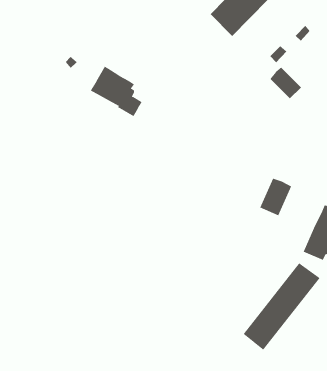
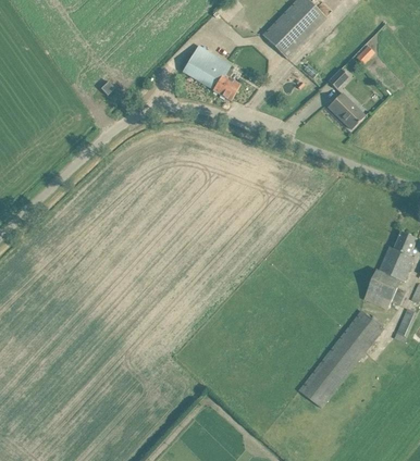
building: [90,66,143,117] -> [181,43,239,100]
building: [260,178,292,216] -> none

